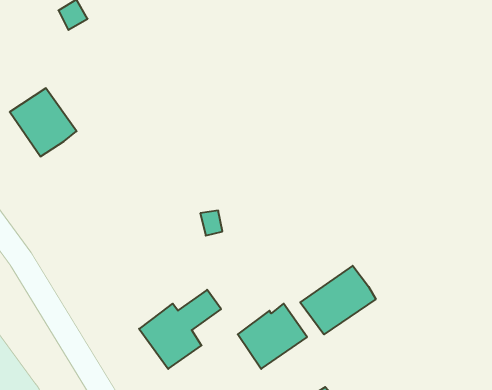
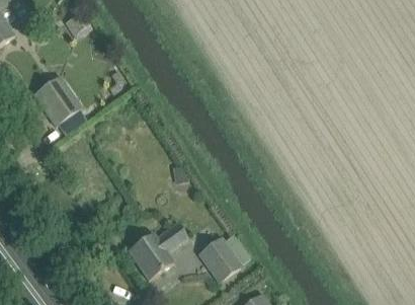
building: [300,266,376,334] -> none

